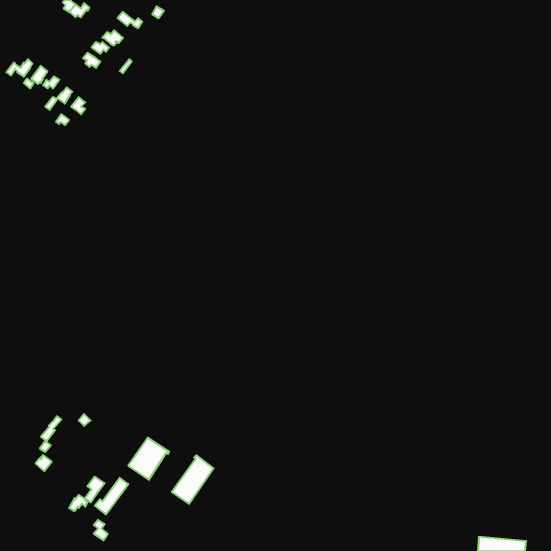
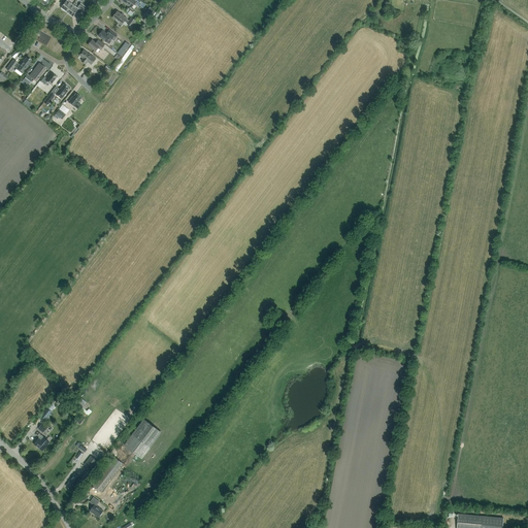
building: [172,455,214,504] -> none

